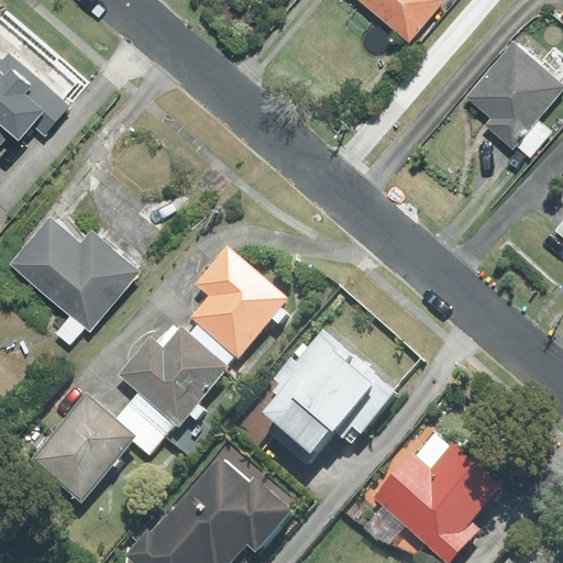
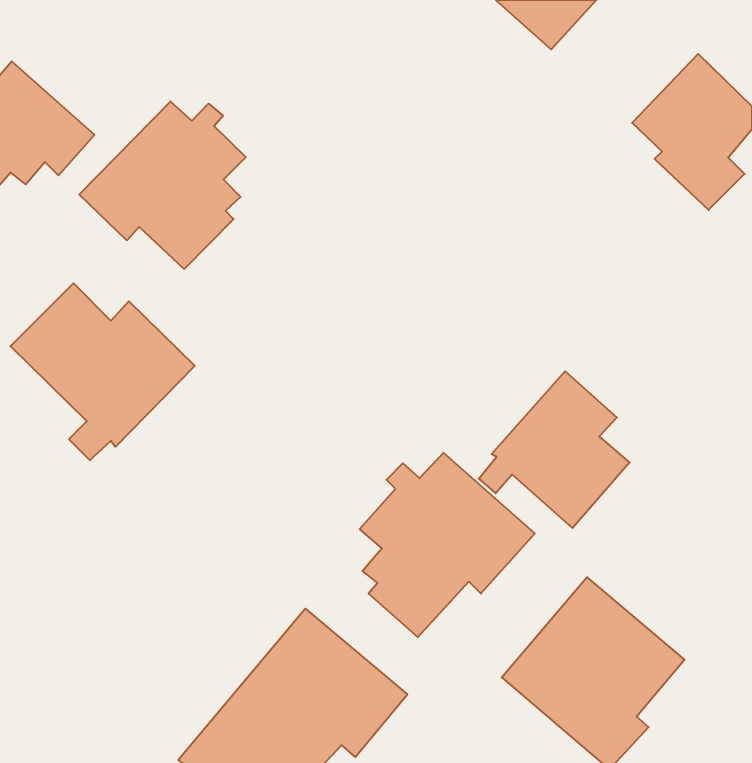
building: none -> [79,101,246,269]
building: [33,249,286,499] -> none
building: none -> [479,371,630,528]

